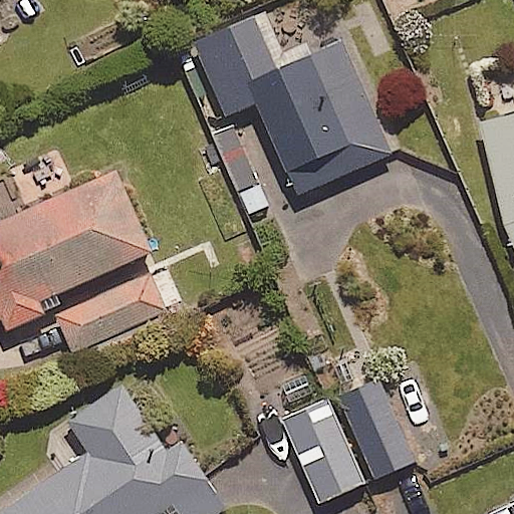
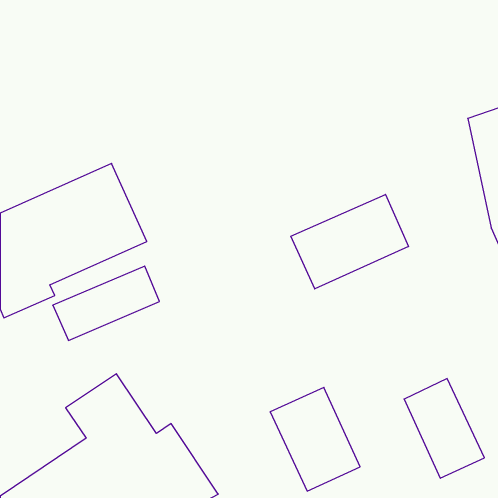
building: [191,12,391,196] -> none
building: none -> [291,194,408,289]
building: [334,378,417,481] -> [404,379,484,478]

